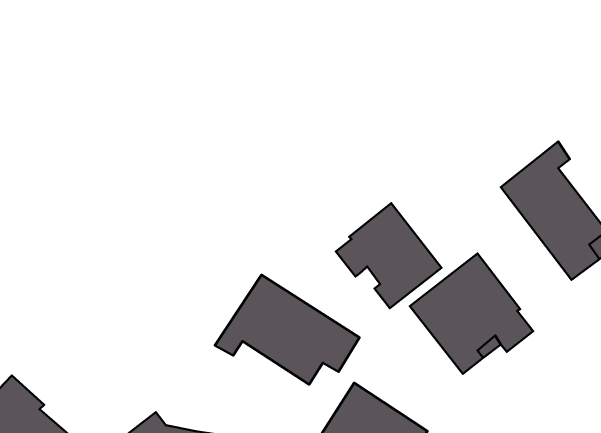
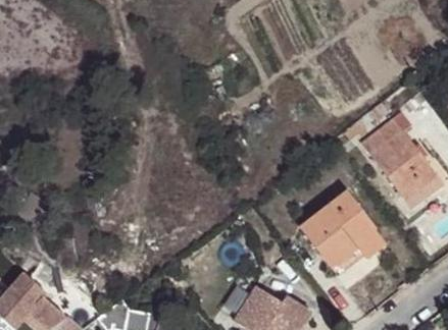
building: [336,203,442,308] -> none
building: [215,275,360,384] -> none

